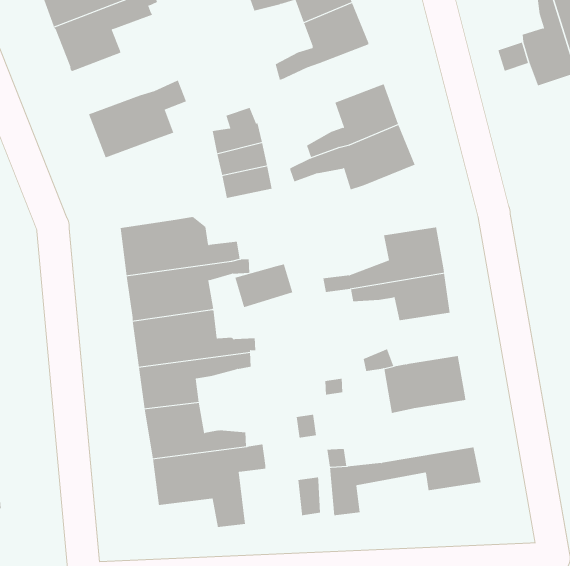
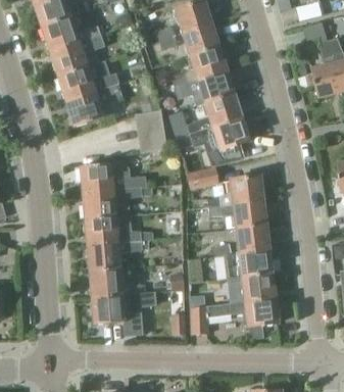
building: none -> [58,60,120,100]
building: none -> [199,69,235,101]
building: [235,264,293,308] -> [188,166,220,190]
building: none -> [236,224,268,251]
building: none -> [220,272,275,306]

